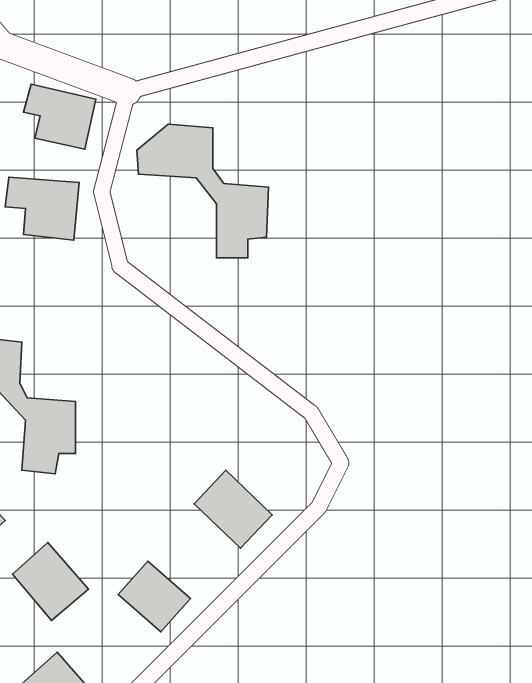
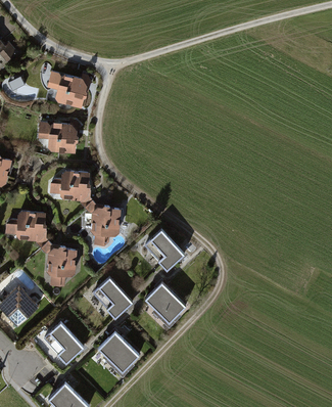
building: [137,124,268,258] -> [47,169,120,242]
building: none -> [144,227,186,269]
building: none -> [90,275,133,318]

